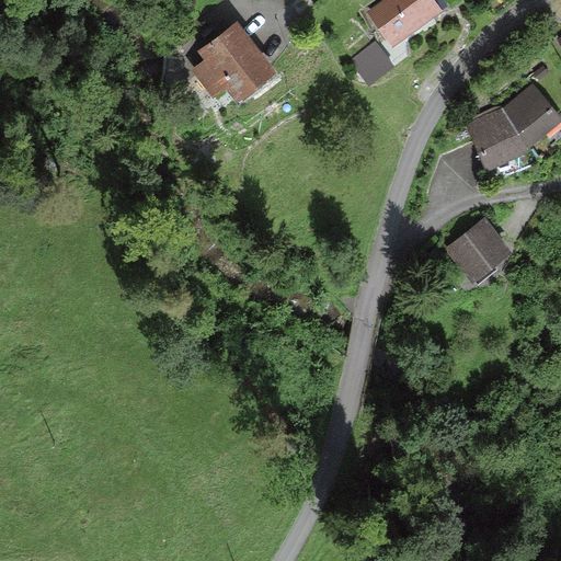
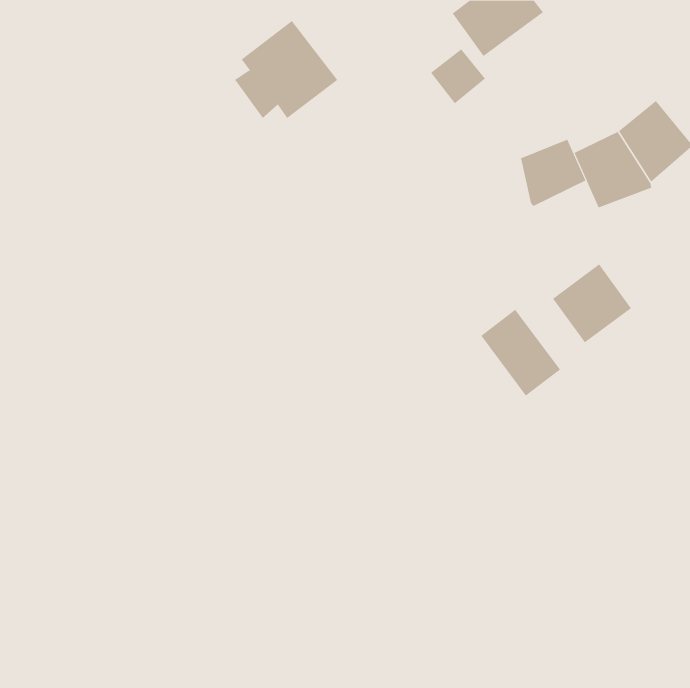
building: none -> [521,139,586,207]
building: none -> [480,309,561,397]

